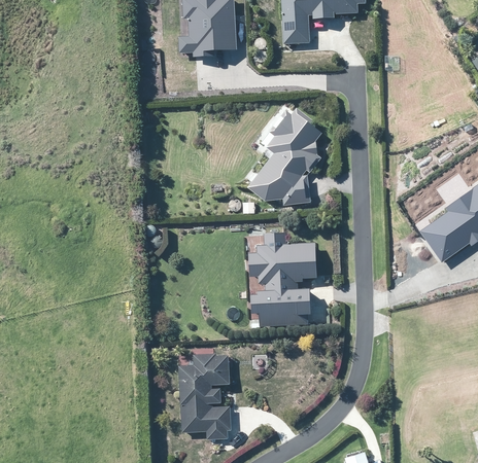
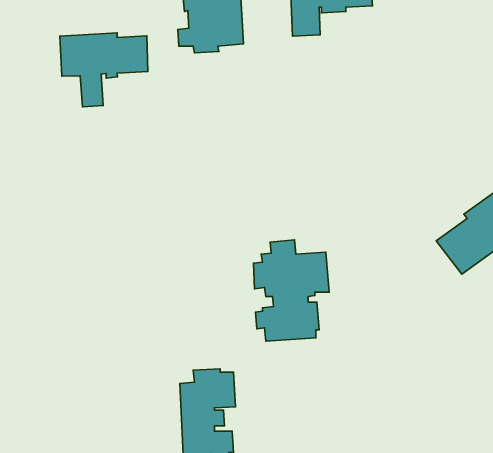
building: none -> [60,33,148,107]
building: [246,105,321,207] -> none

